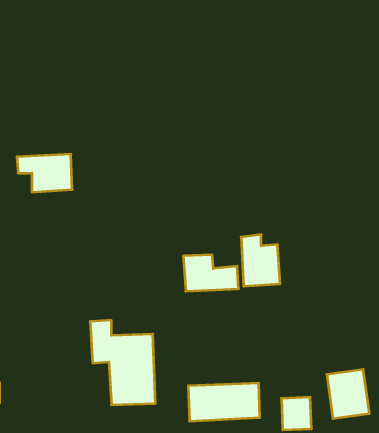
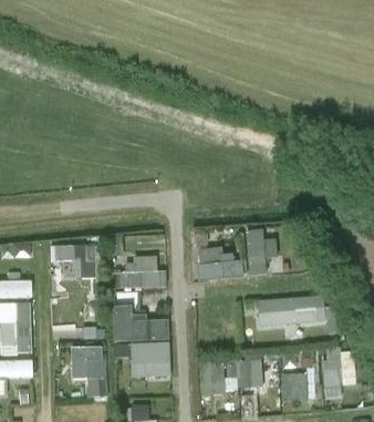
building: [17,154,72,192] -> [50,245,98,278]
building: none -> [113,258,165,287]
building: none -> [257,295,325,327]
building: none -> [70,346,106,397]

